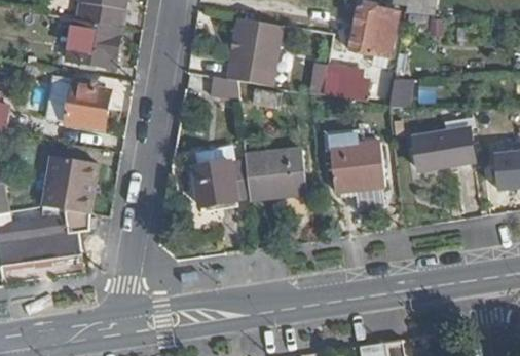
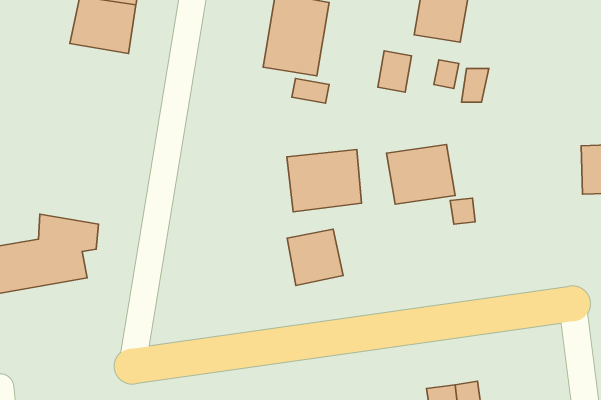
building: [64,76,107,128] -> none
building: [414,131,474,174] -> none
building: [41,150,97,207] -> none
building: [192,160,238,206] -> [287,229,343,285]

